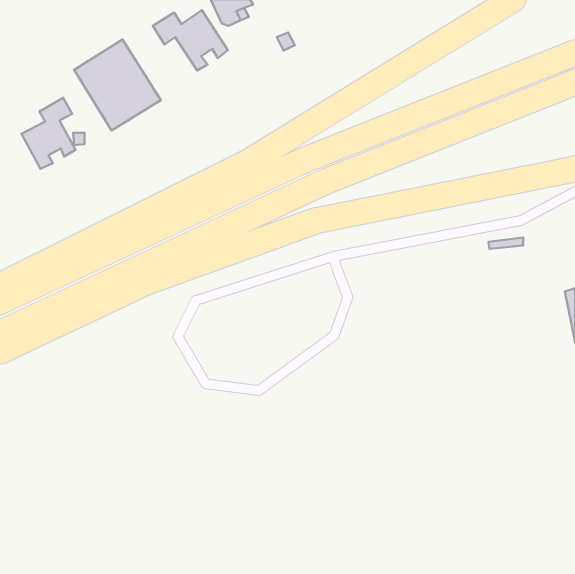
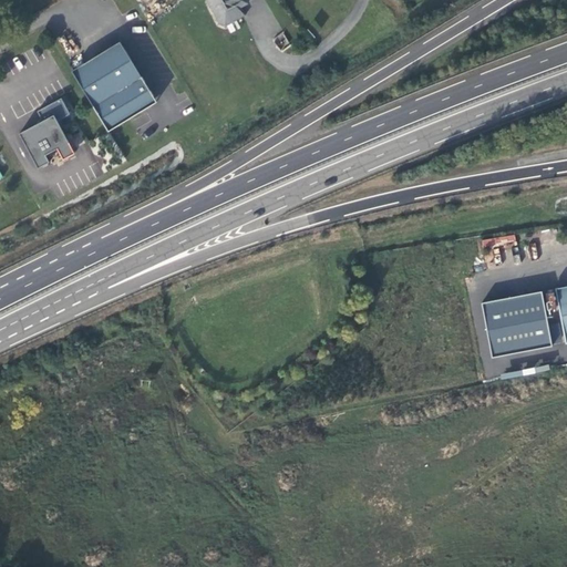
building: [153,10,228,71] -> none
building: none -> [482,291,551,355]

